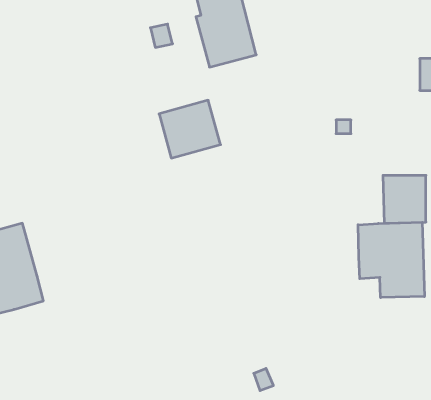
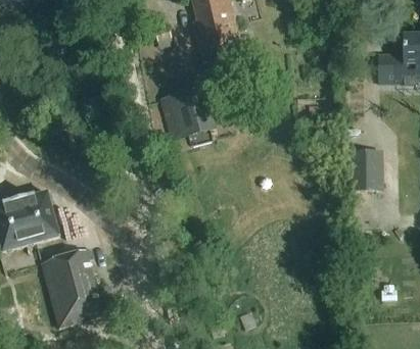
building: [358,222,424,298] -> none
building: none -> [41,249,104,327]

